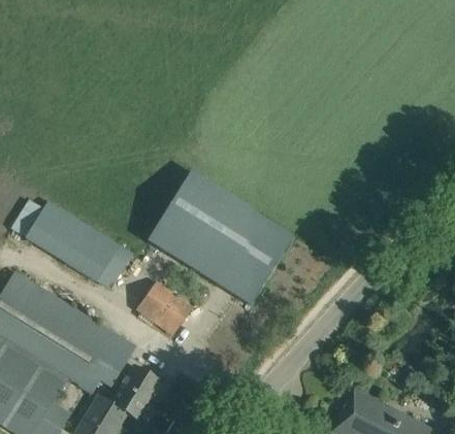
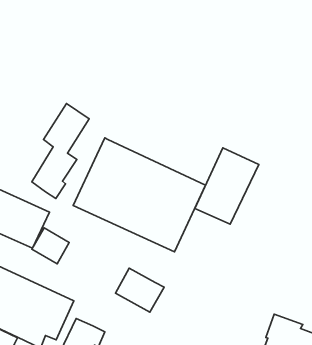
building: none -> [32,103,89,199]
building: none -> [195,148,259,224]
building: [137,281,192,333] -> [115,268,164,312]

